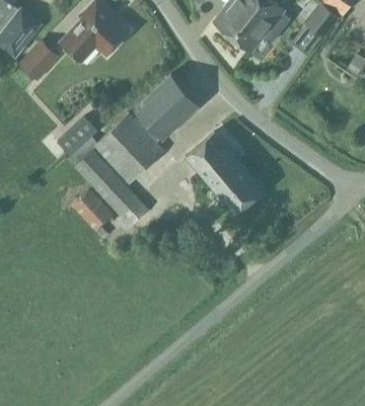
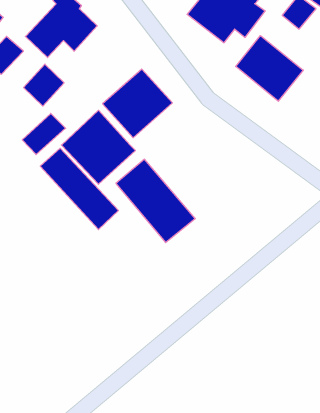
building: none -> [236,36,303,101]
building: none -> [24,64,64,106]
building: [188,134,264,214] -> [116,159,195,243]
building: [71,189,116,233] -> none

